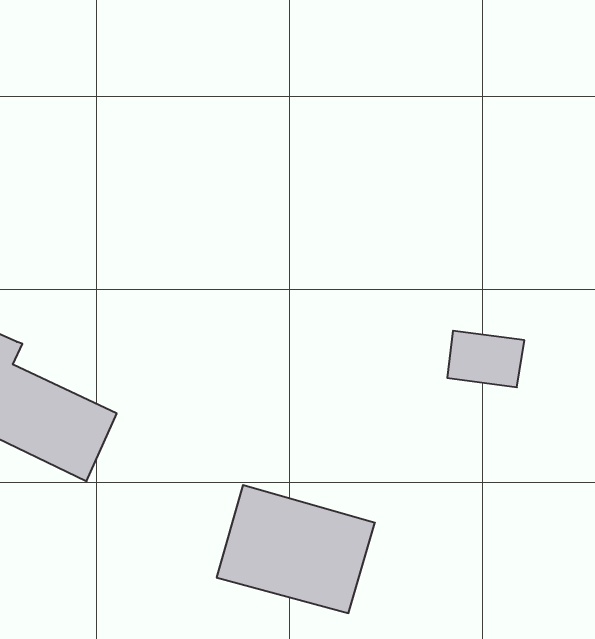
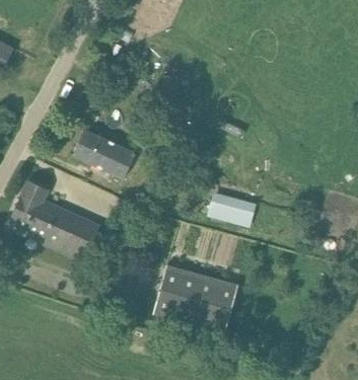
building: none -> [72,129,136,178]
building: [447,331,524,387] -> [217,194,259,224]

